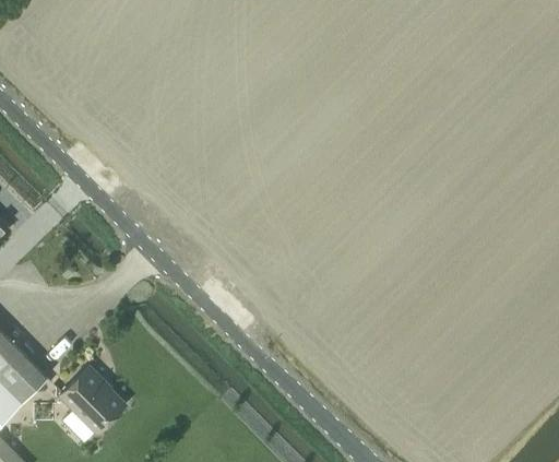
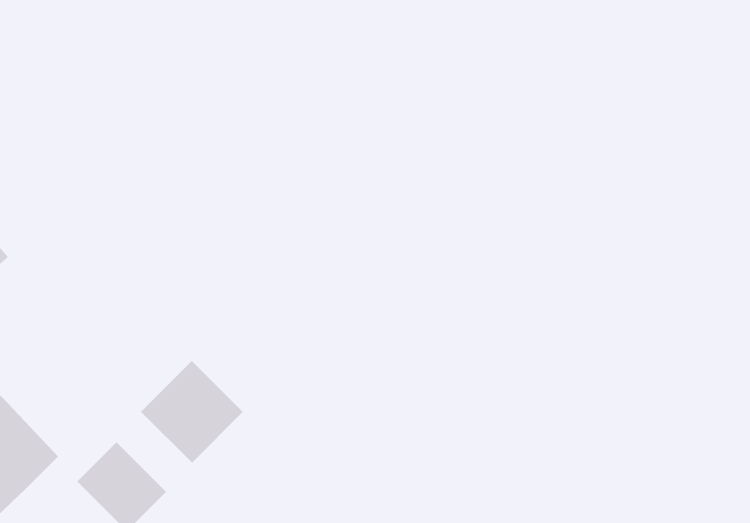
building: none -> [140,360,244,464]

